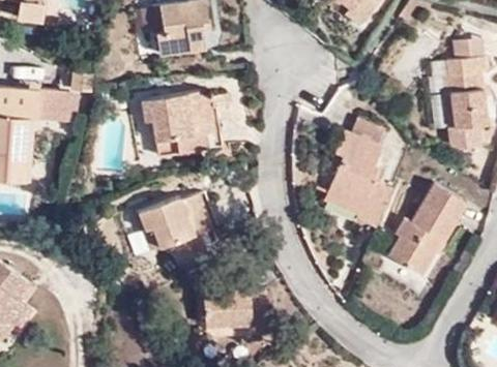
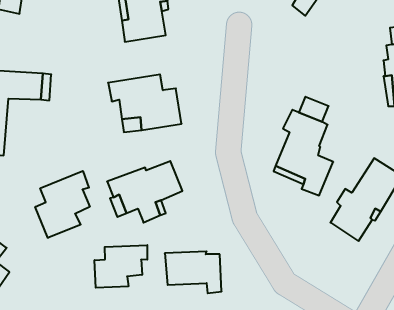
building: none -> [35,171,90,238]
building: none -> [95,245,147,288]

